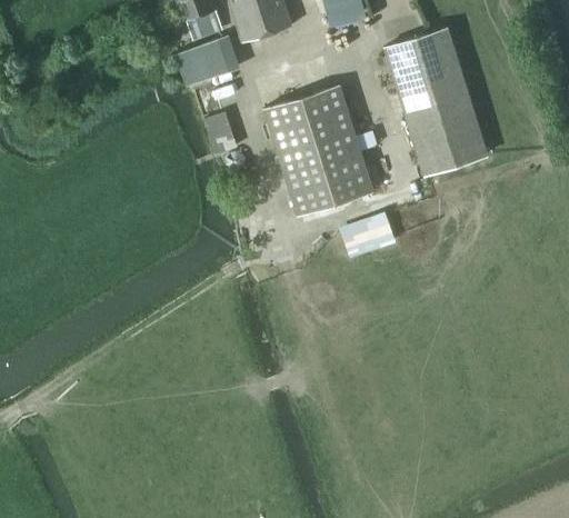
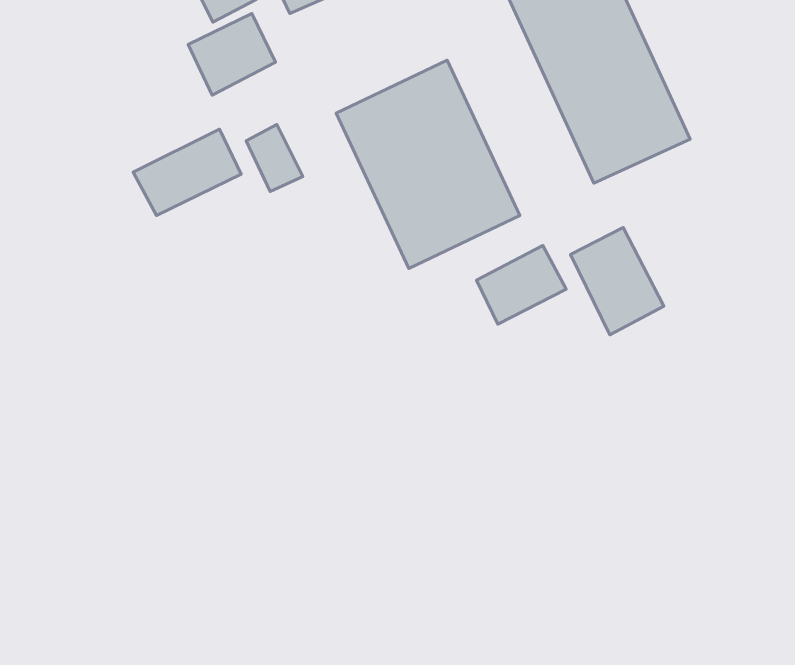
building: none -> [133,129,241,216]
building: none -> [571,227,664,335]

